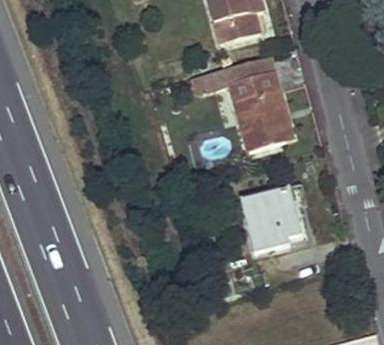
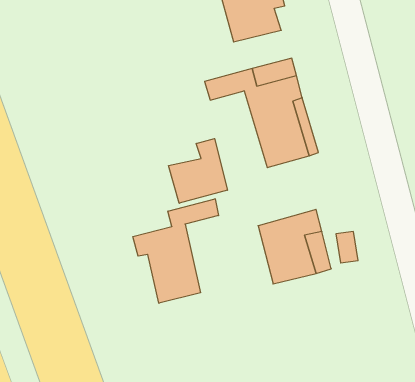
building: none -> [169,139,227,203]
building: none -> [133,199,219,303]

